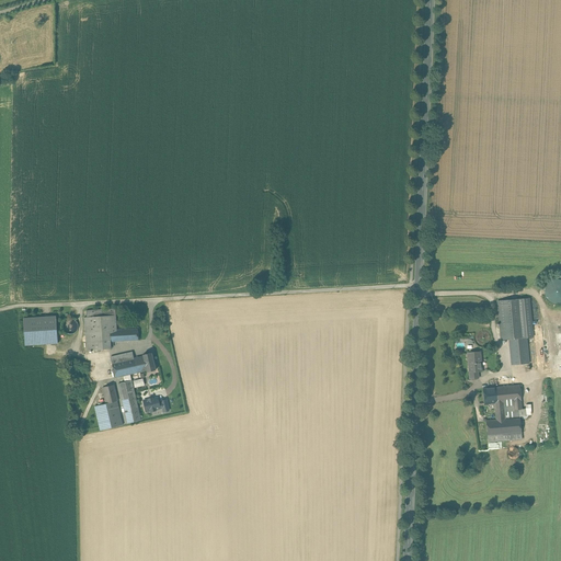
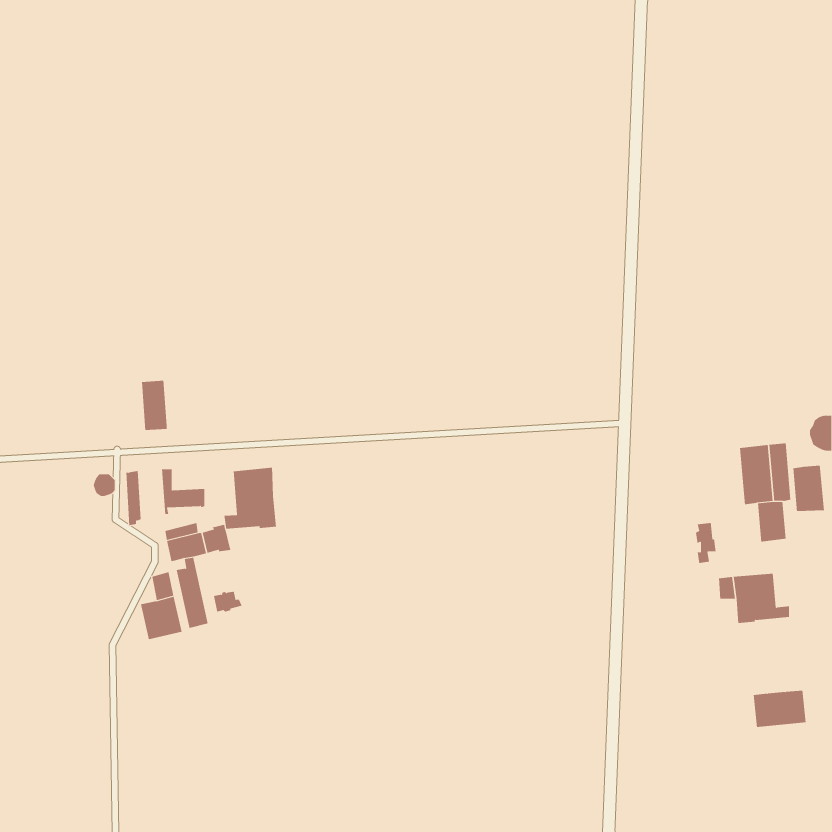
building: none -> [793,465,824,512]
building: none -> [224,467,277,529]
building: [23,316,58,345] -> none
building: [93,316,111,350] -> [141,380,167,431]
building: [486,417,523,443] -> [753,690,807,727]

